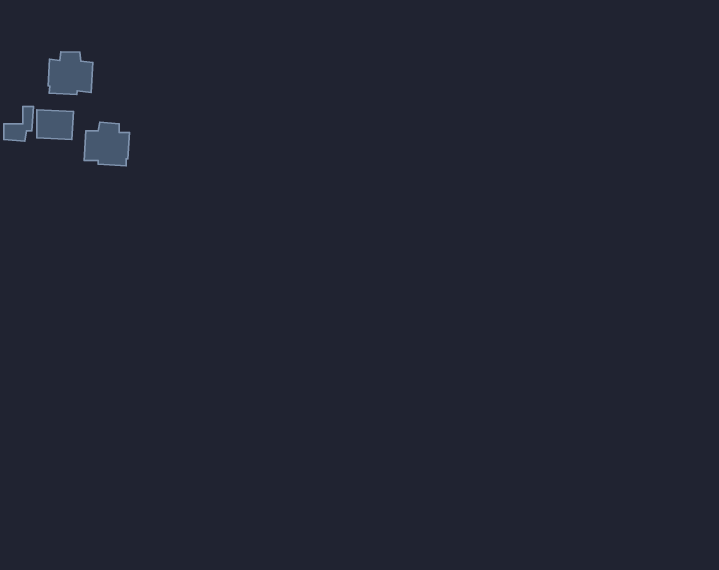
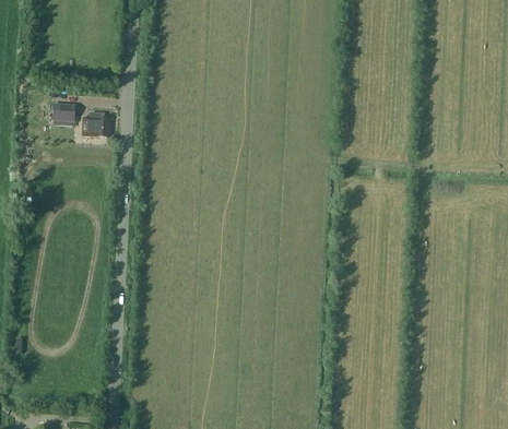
building: [48,52,93,94] -> none

